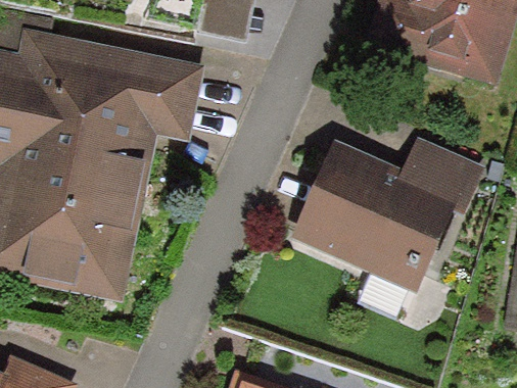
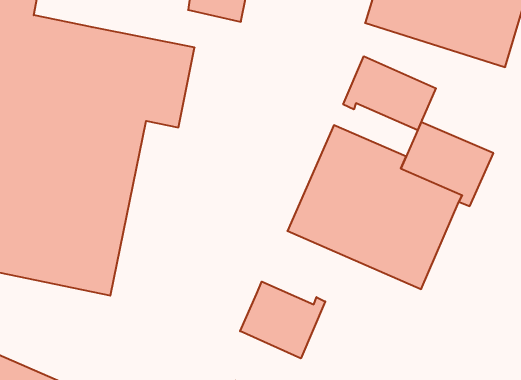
building: none -> [343,56,436,130]
building: none -> [240,282,325,358]

